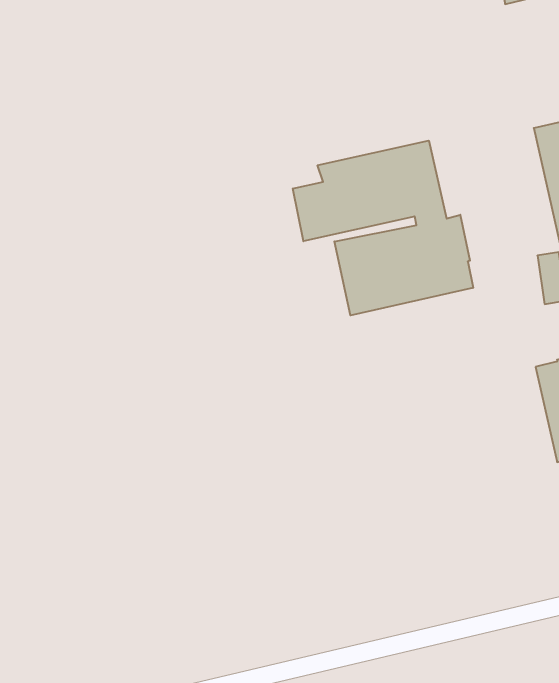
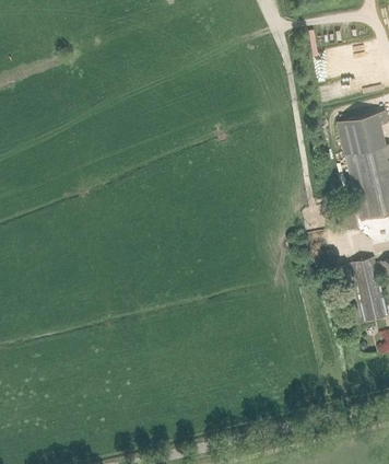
building: [293,141,473,315] -> none

